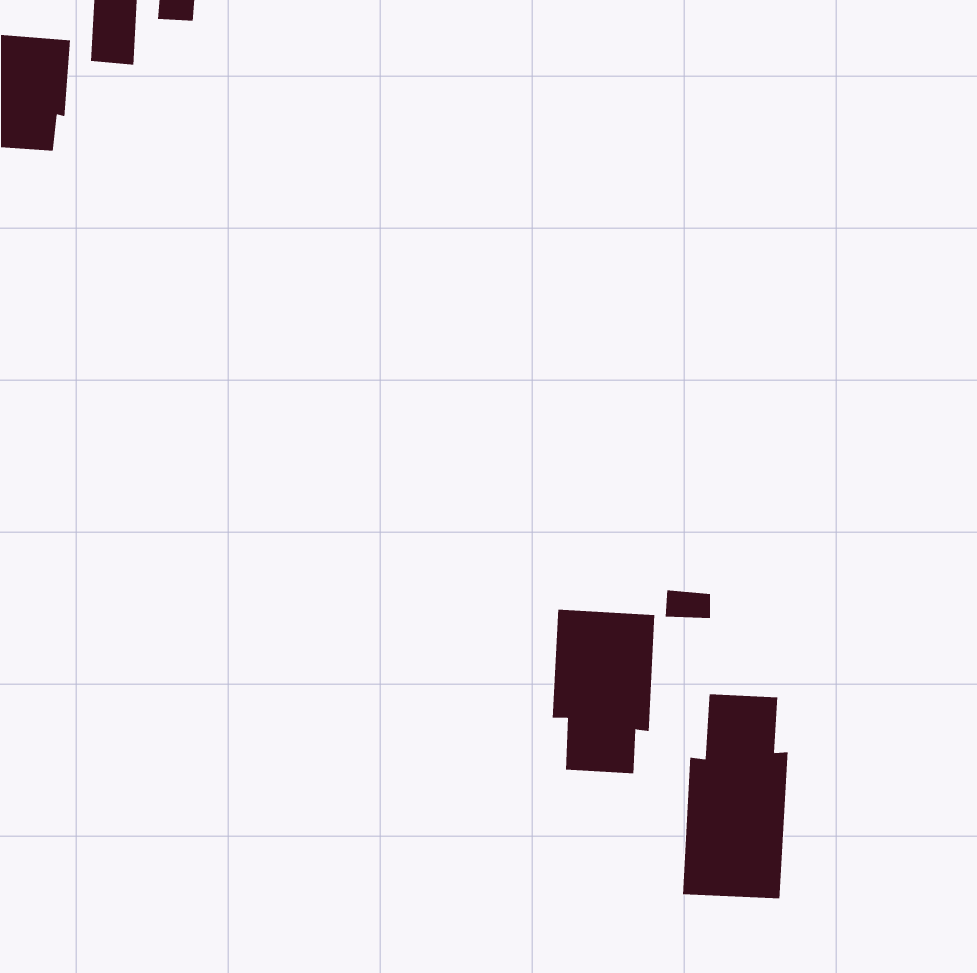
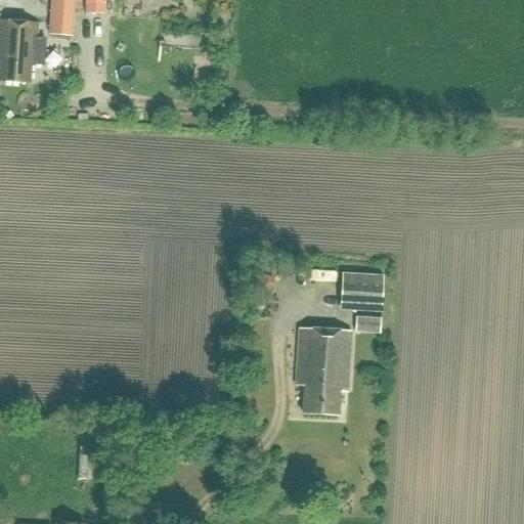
building: none -> [341,272,383,307]
building: [683,693,788,899] -> none

